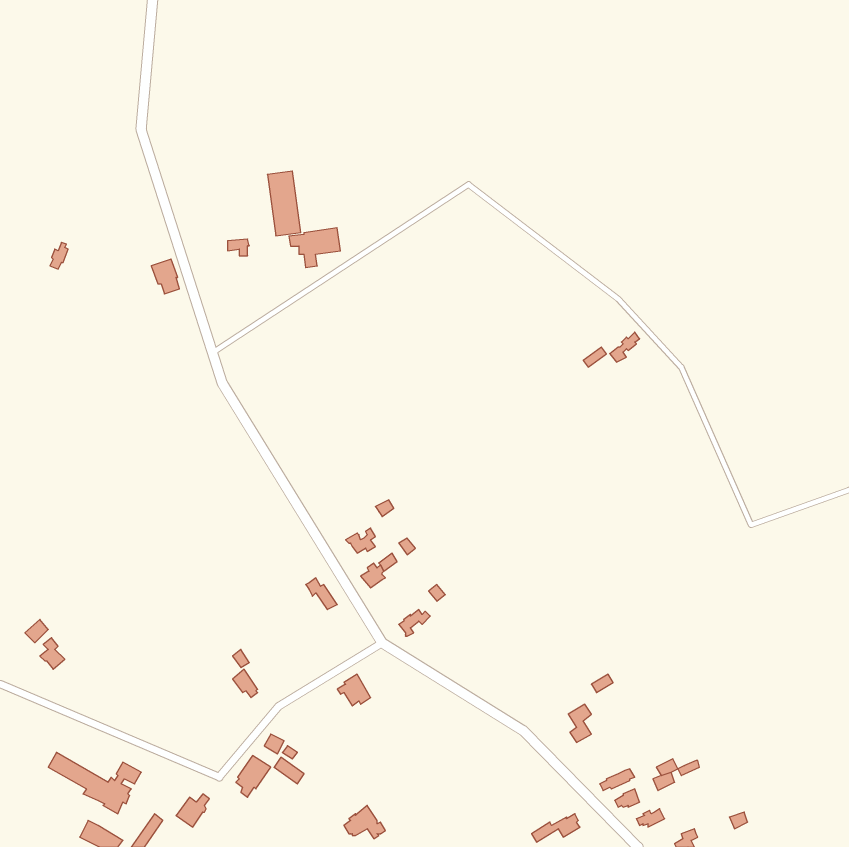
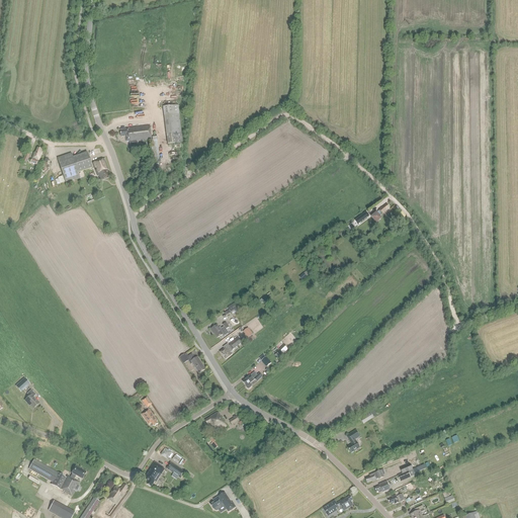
building: [289,228,340,268] -> [119,124,151,149]
building: none -> [58,152,92,182]

